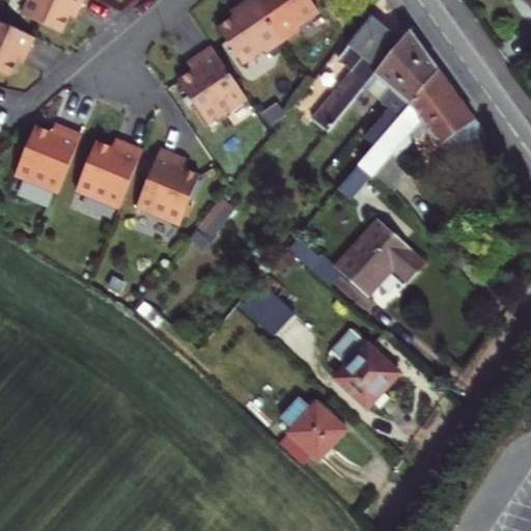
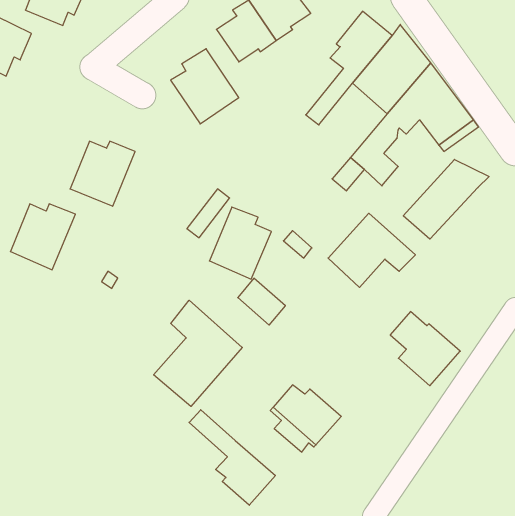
building: [12,129,79,196] -> [10,204,75,270]
building: [133,155,196,228] -> [209,207,271,279]
building: none -> [403,159,489,239]
building: none -> [154,300,242,406]
building: [328,327,399,402] -> [390,312,460,386]
building: none -> [189,410,275,505]

